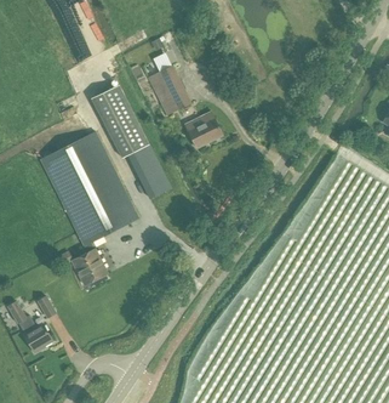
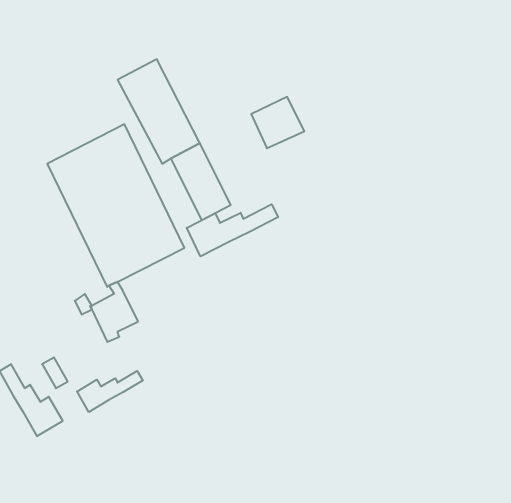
building: [148,66,189,113] -> none
building: none -> [187,204,278,256]
building: none -> [77,371,143,412]

